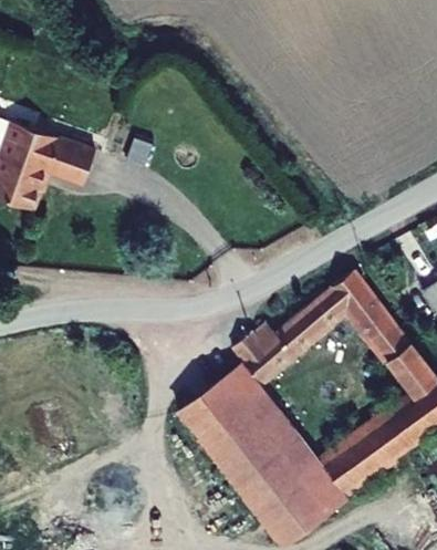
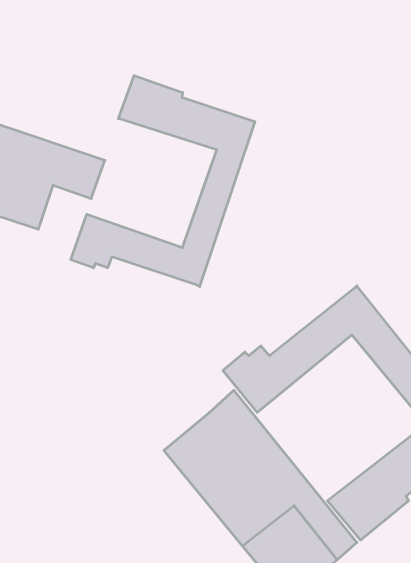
building: none -> [71,76,255,287]

